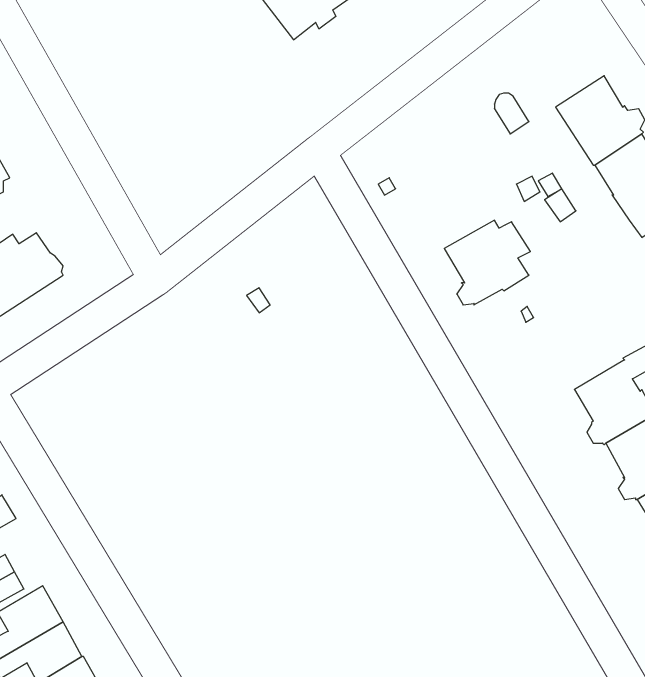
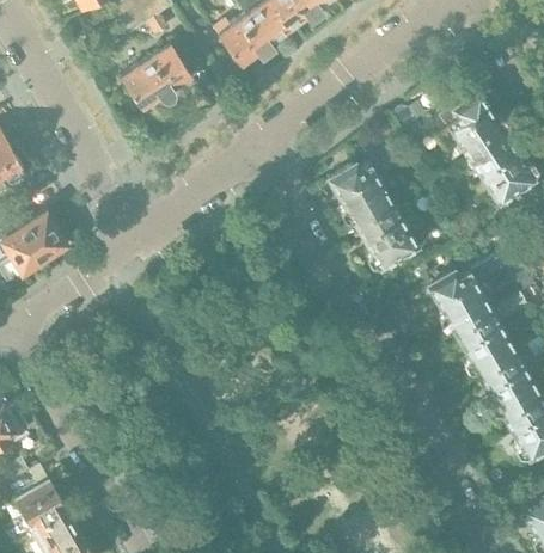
building: none -> [122,44,194,110]
building: none -> [331,162,396,226]
building: none -> [429,257,503,332]

